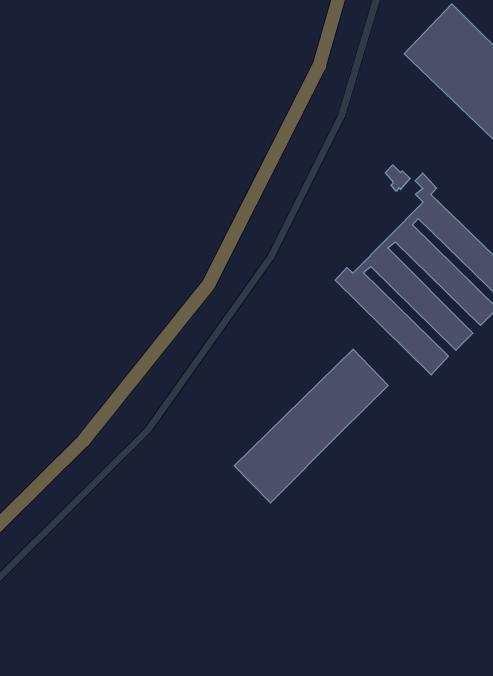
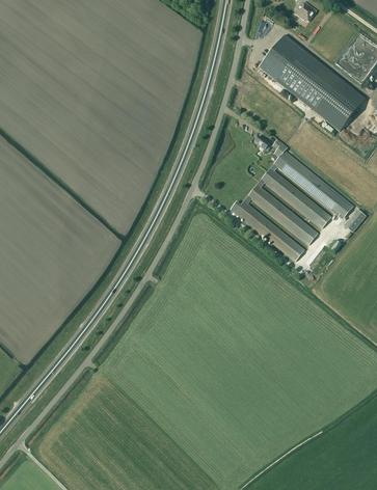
building: [234,349,388,503] -> none

